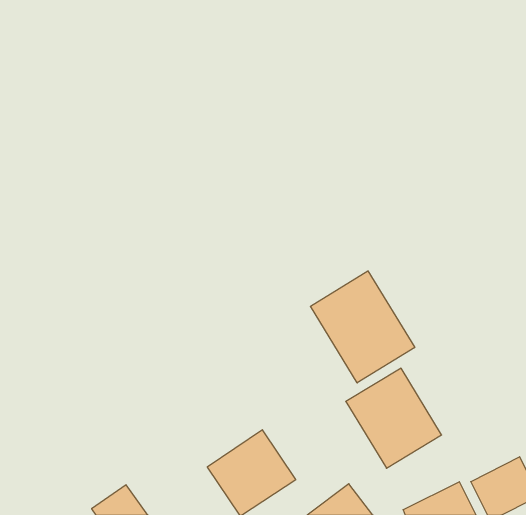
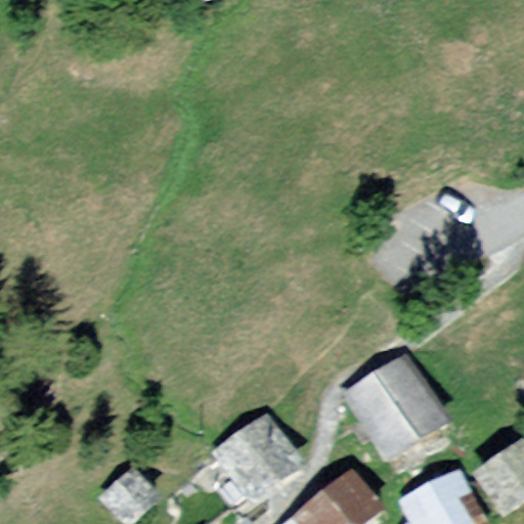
building: [310,271,415,383] -> none

